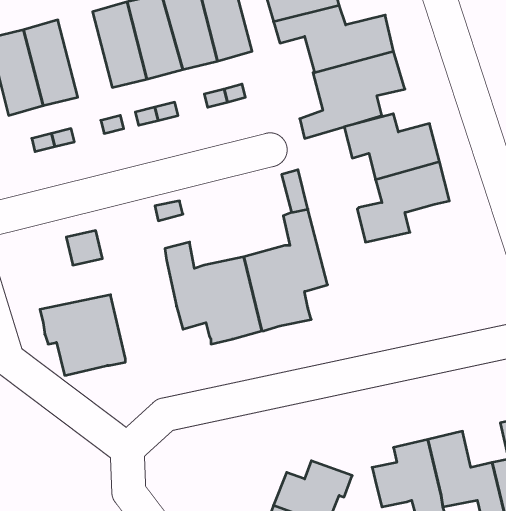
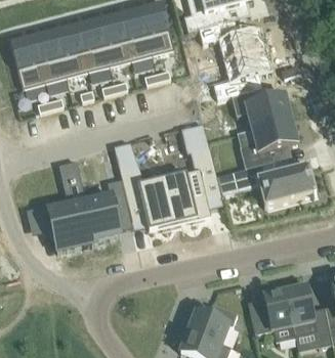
building: none -> [54,25,88,78]
building: none -> [235,155,317,206]
building: none -> [87,179,128,240]

